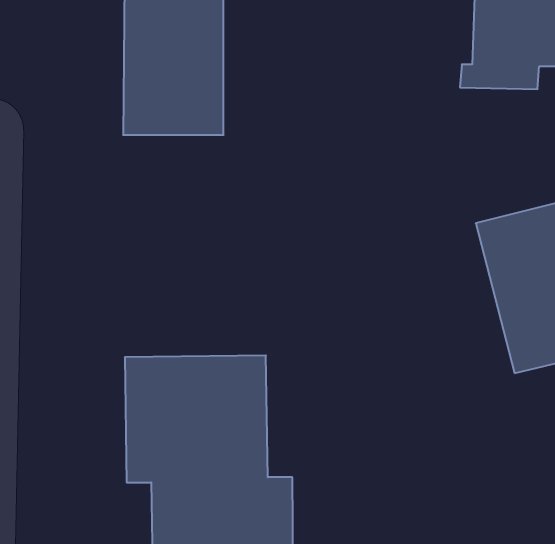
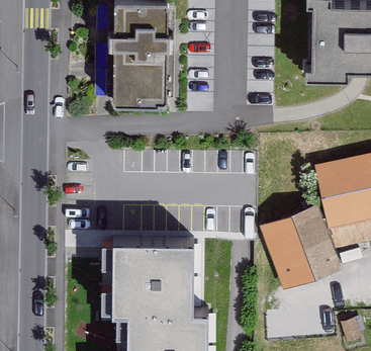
building: none -> [256,203,340,295]

